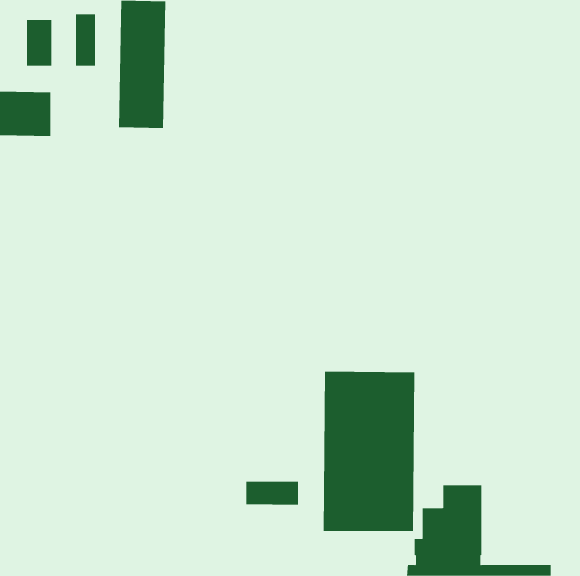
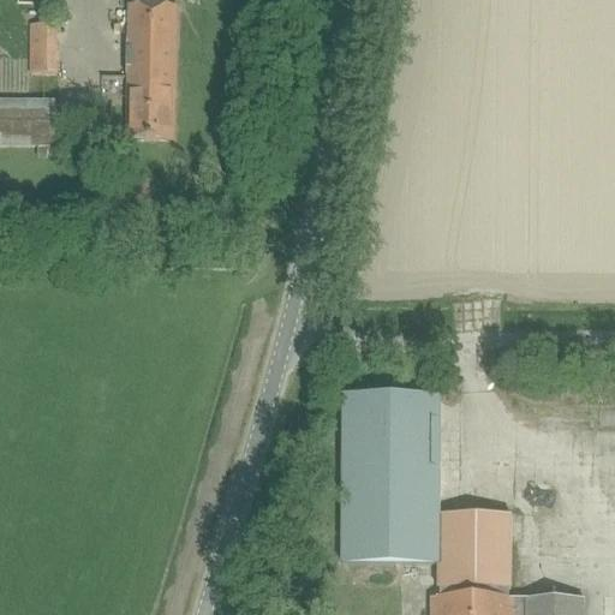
building: [75,14,96,67] -> none
building: [246,481,299,505] -> none

